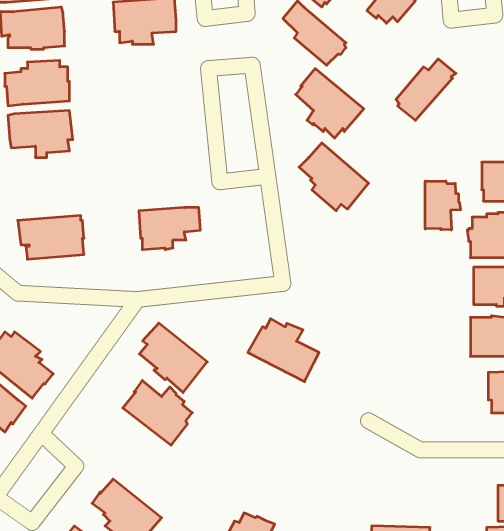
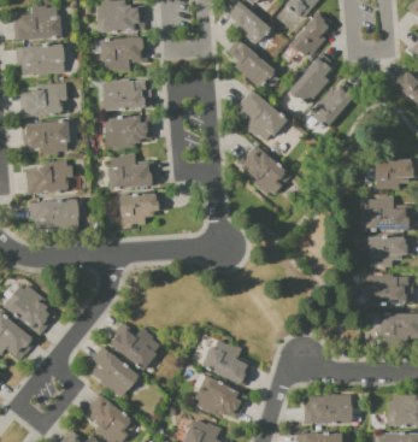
building: none -> [289,53,334,105]
building: none -> [88,76,152,111]
building: none -> [104,114,153,148]
building: none -> [107,153,155,188]
building: none -> [25,160,82,194]
building: [425,181,461,230] -> none
building: [248,319,319,382] -> [201,340,254,387]
building: [139,323,207,393] -> [88,347,139,399]
building: none -> [194,375,247,418]
building: none -> [304,394,352,423]

